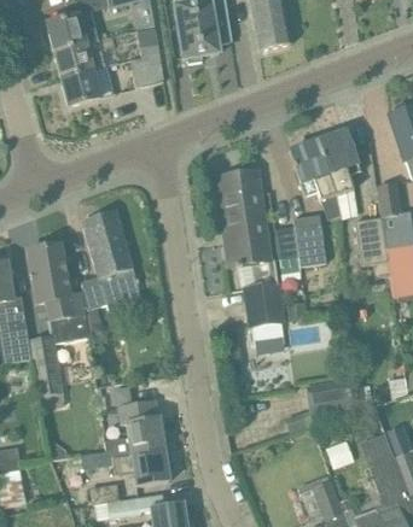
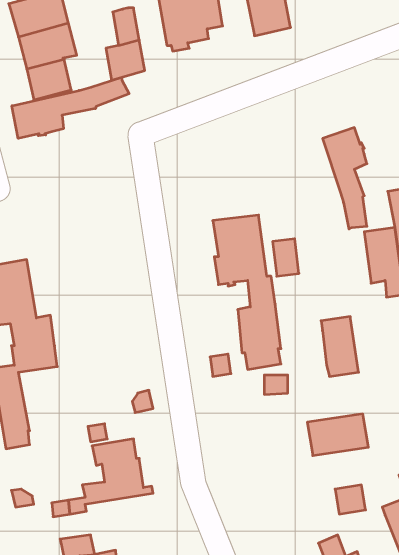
building: none -> [12,77,129,138]
building: [290,139,337,198] -> none
building: [219,170,263,210] -> none
building: [81,207,144,310] -> none
building: [293,213,326,265] -> [321,317,359,376]
building: [112,446,171,482] -> none

